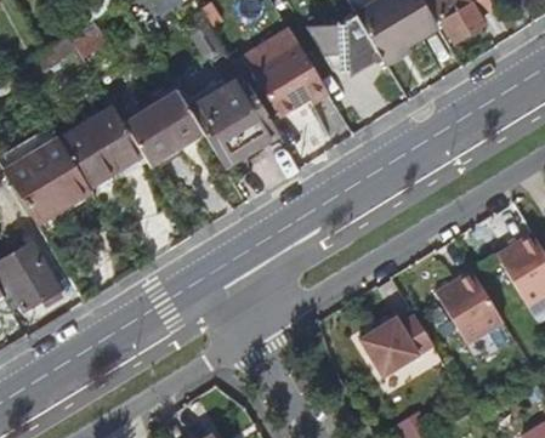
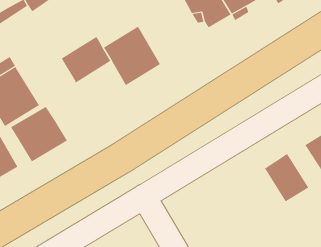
building: [250,42,328,116] -> none
building: [58,107,146,192] -> [10,106,68,162]
building: [357,313,431,375] -> none

